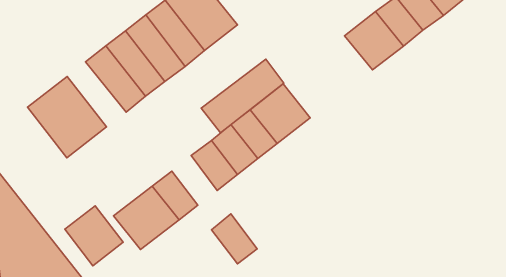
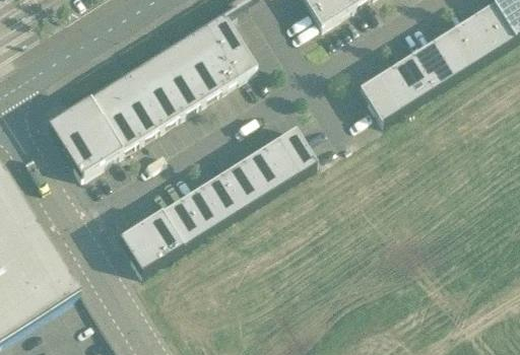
building: [201,59,284,133] -> none
building: none -> [88,83,141,148]
building: [65,206,123,266] -> none
building: [212,214,257,264] -> [179,185,220,233]

